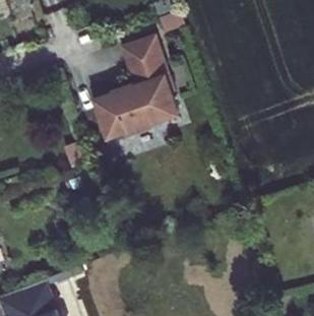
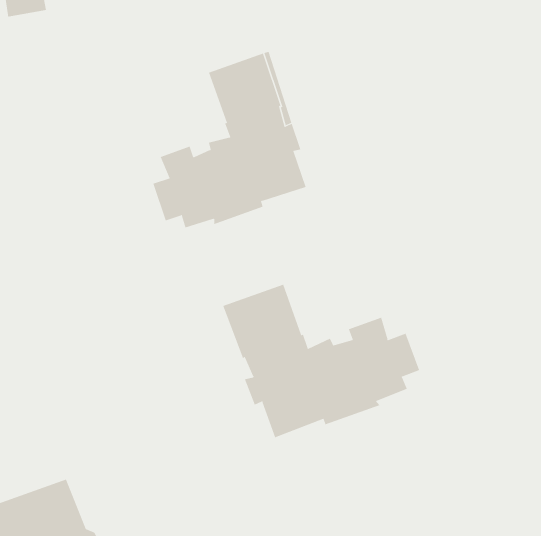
building: none -> [222,284,420,438]

